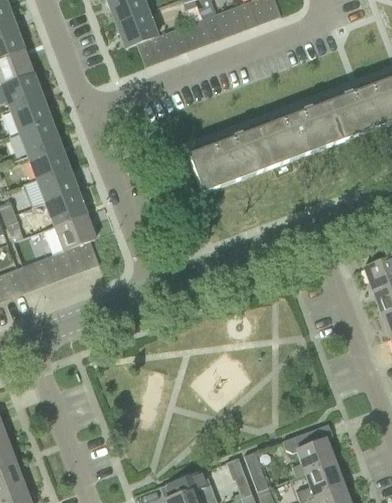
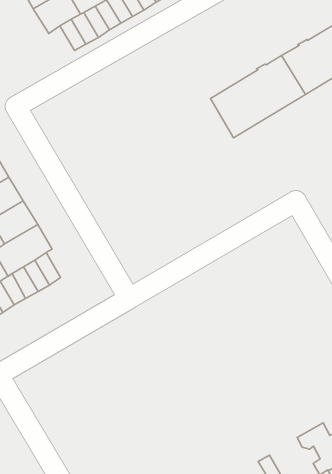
building: [188,129,272,193] -> none

